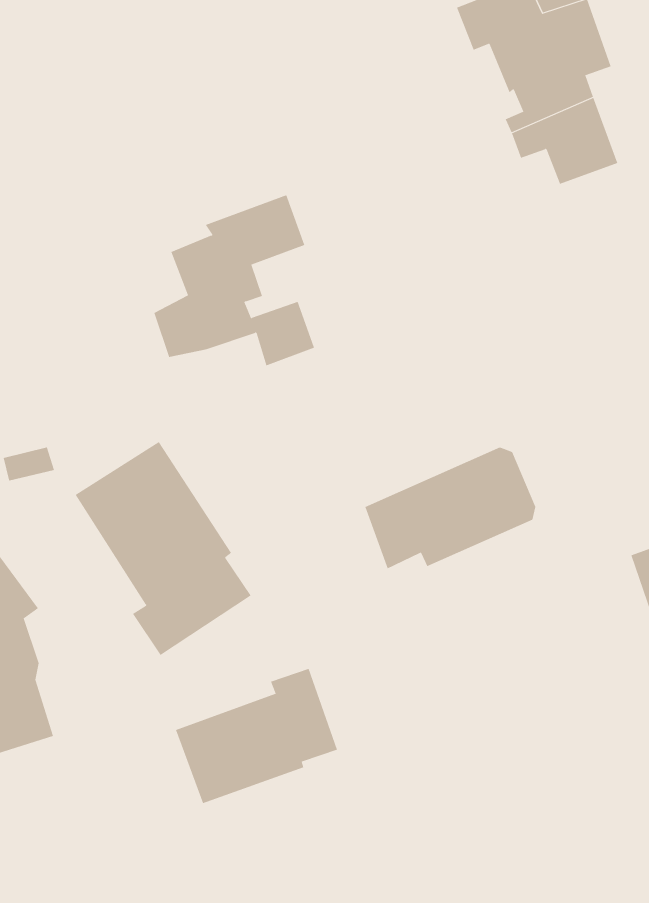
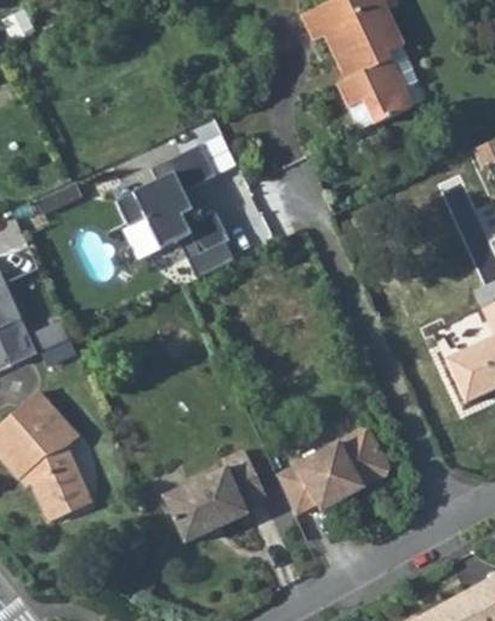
building: [75,441,251,656] -> none
building: [364,447,536,569] -> [277,429,387,514]

